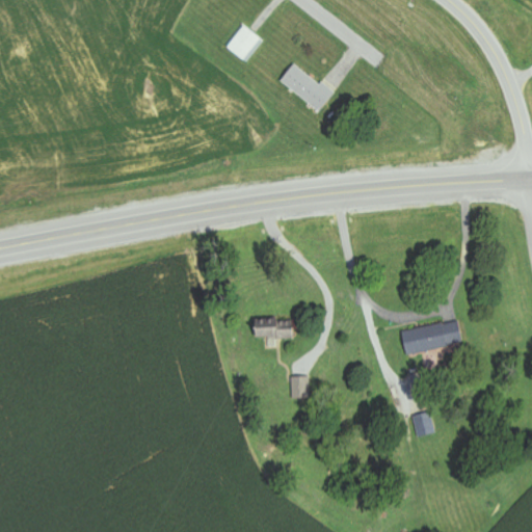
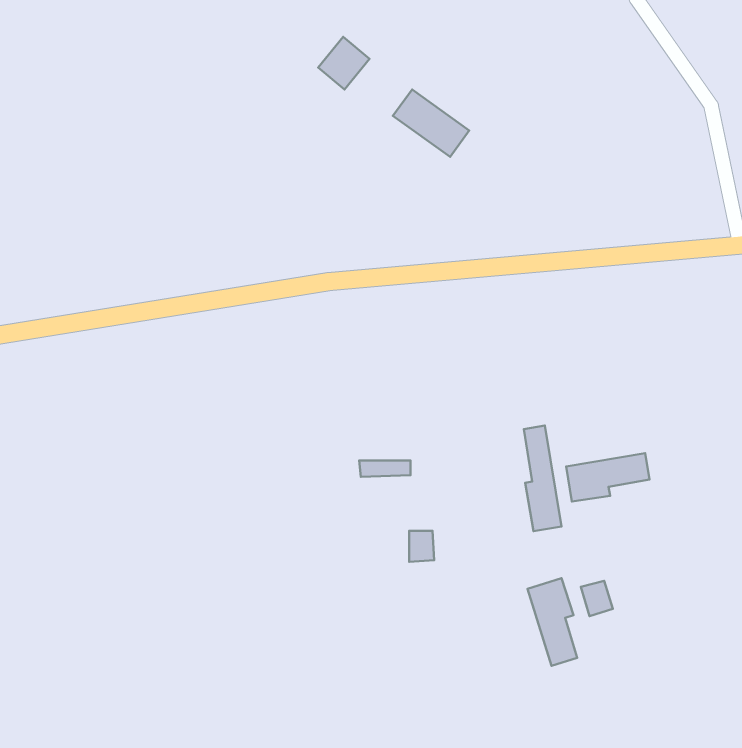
building: none -> [524,426,561,531]
building: none -> [527,578,577,666]

